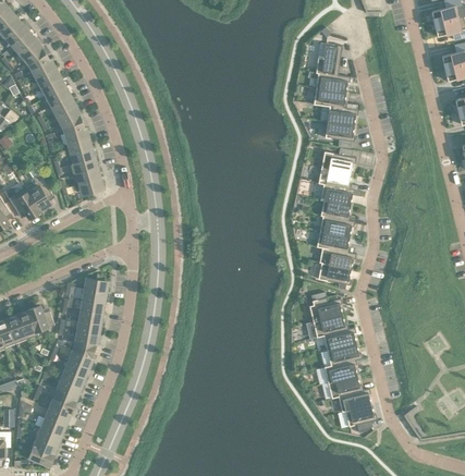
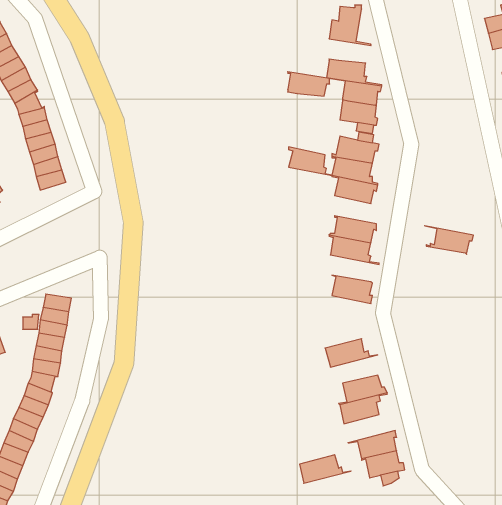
building: [315,73,348,93] -> [288,72,330,96]
building: [319,199,354,222] -> [289,147,332,175]
building: [316,247,355,270] -> [425,226,473,254]
building: [308,297,341,322] -> none
building: [316,328,355,351] -> none
building: [327,376,368,399] -> [300,455,351,483]

